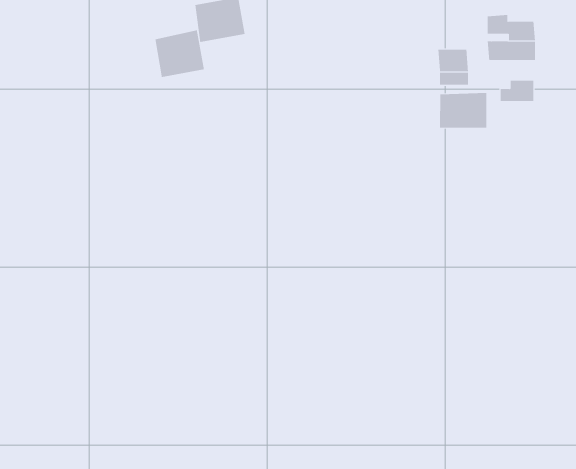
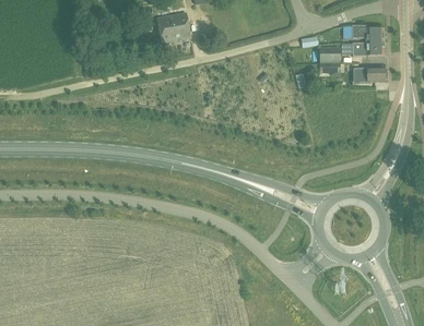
building: [155,30,204,78] -> none
building: [439,92,487,128] -> none

